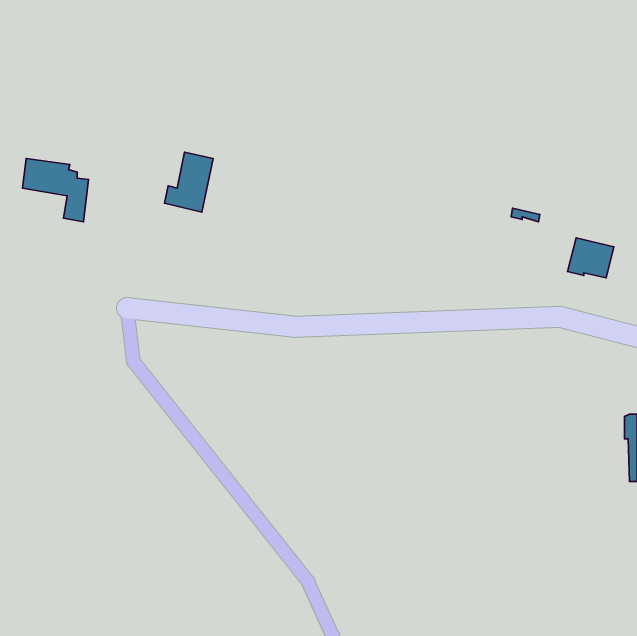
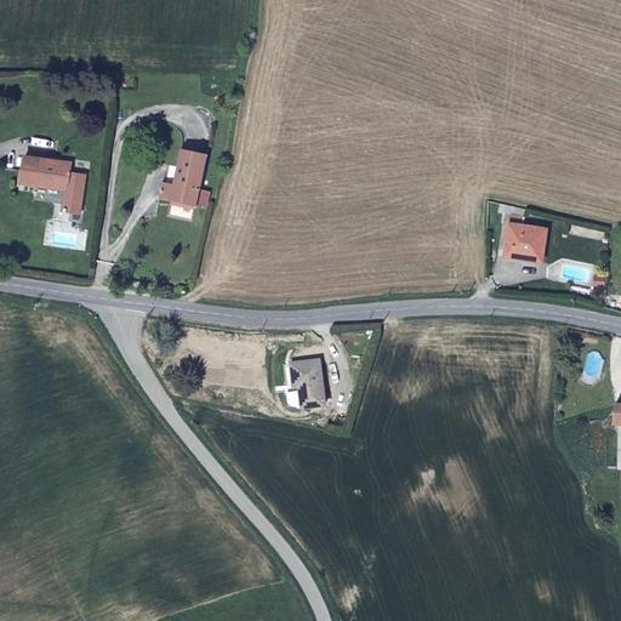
building: [568,238,614,278] -> [503,222,548,261]
building: none -> [287,358,326,405]

